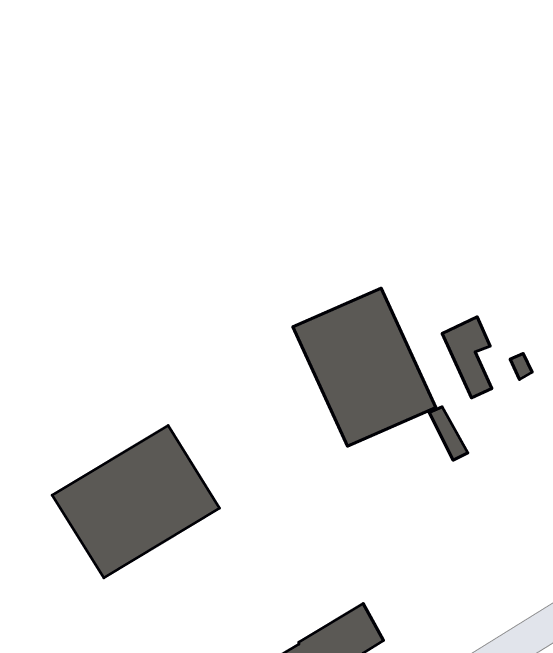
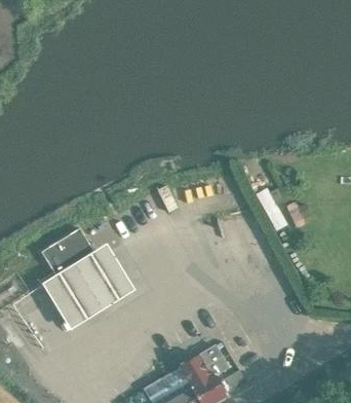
building: [293,288,436,446] -> none
building: none -> [41,228,101,277]

